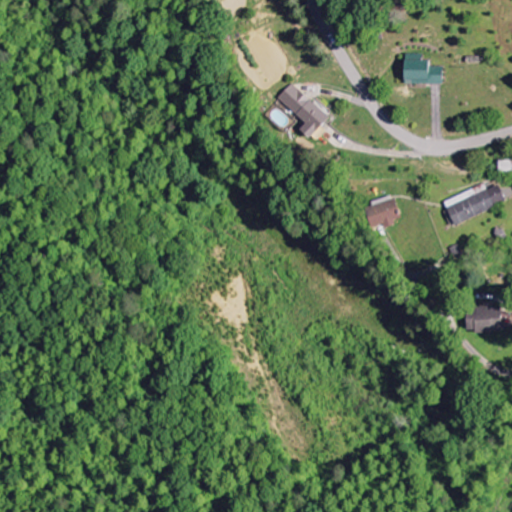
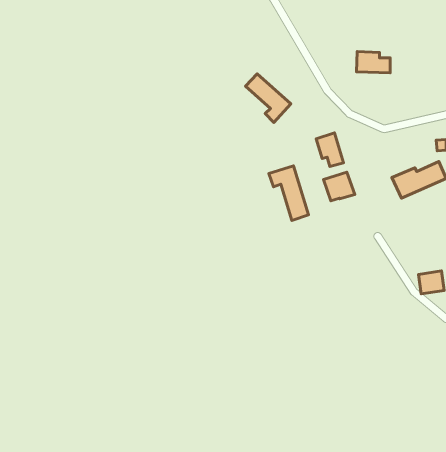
building: none -> [316,133,344,167]
building: none -> [269,166,308,220]

